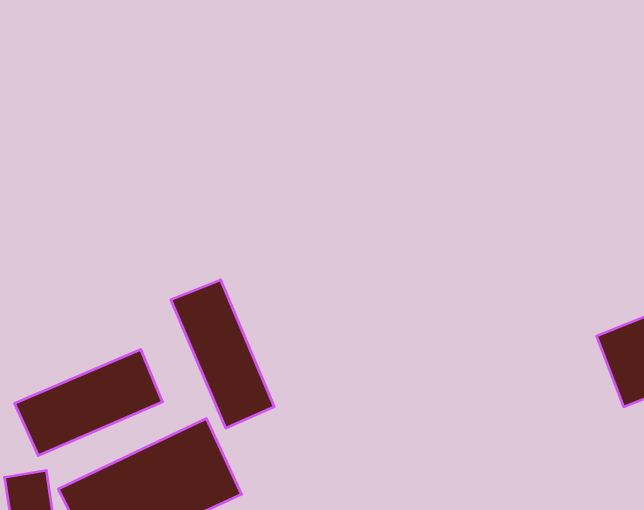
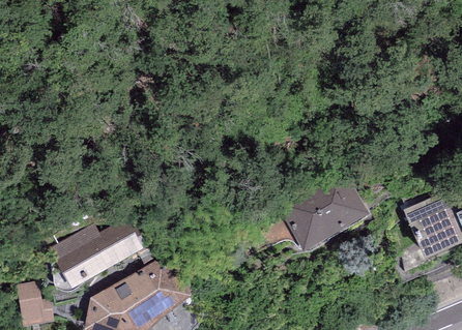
building: [171,280,274,428] -> none
building: none -> [283,179,369,249]

